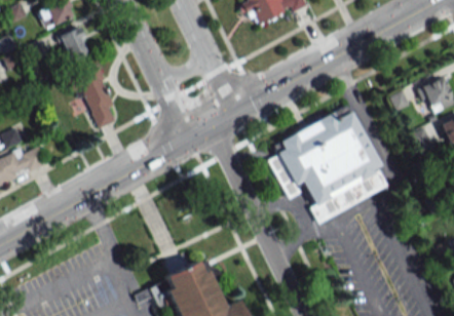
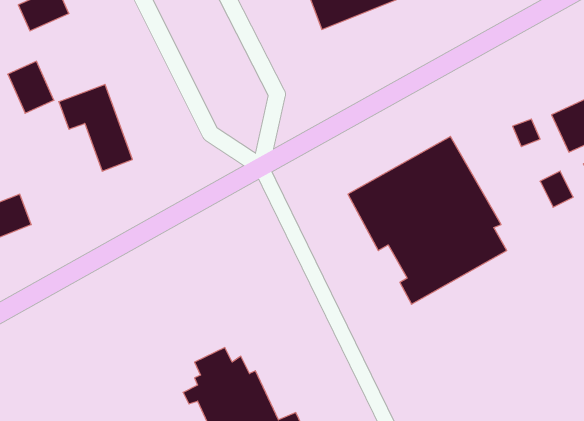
building: [61,28,93,65] -> [8,61,54,113]

